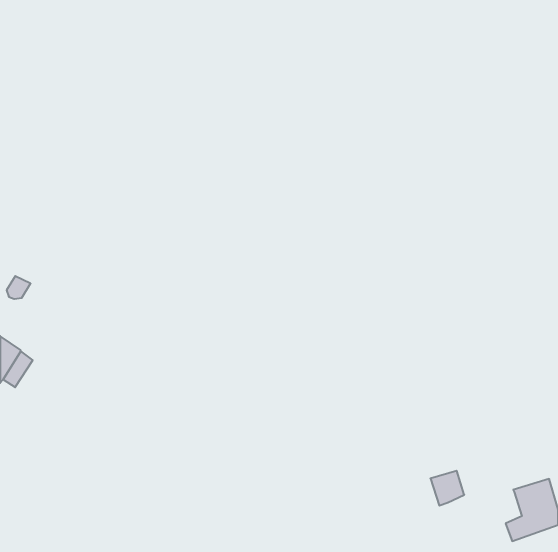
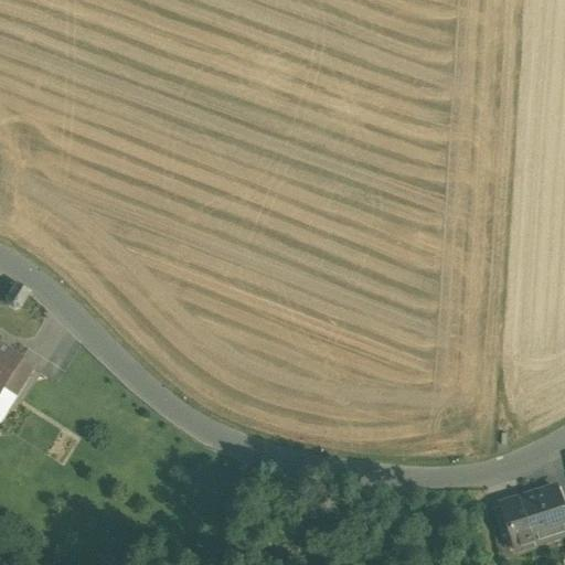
building: [430,471,464,506] -> [493,498,527,533]

